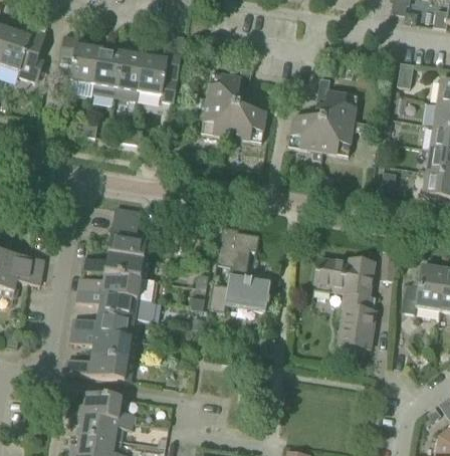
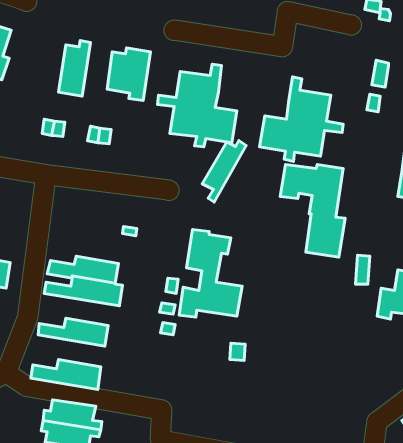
building: [59,35,98,95] -> none
building: [115,45,144,101] -> none
building: none -> [202,141,246,202]
building: [108,208,153,260] -> none
building: [312,259,376,350] -> [280,164,345,257]
building: [75,289,155,322] -> none
building: [69,329,137,361] -> none

